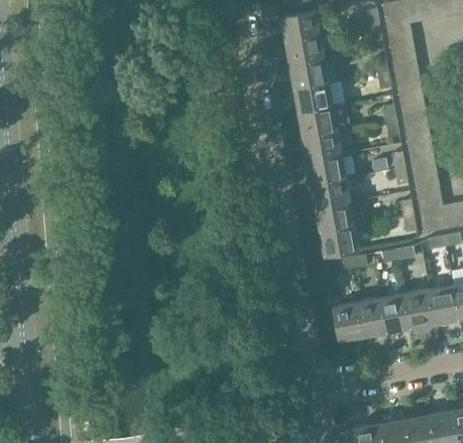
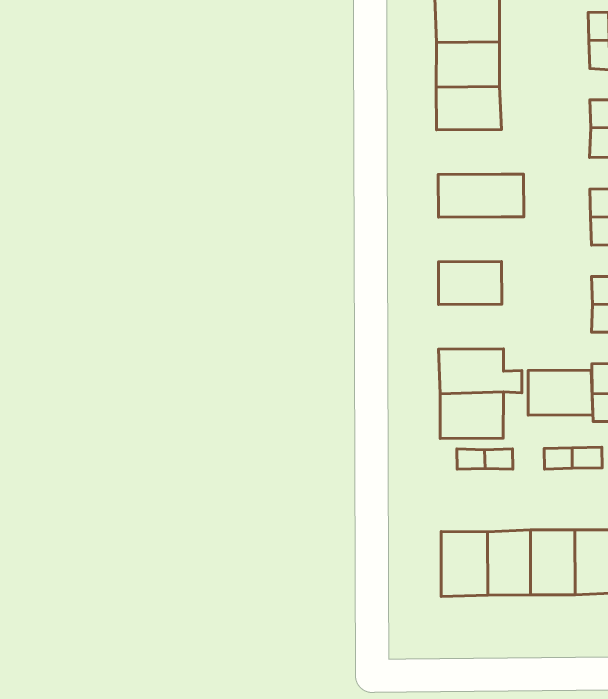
building: [294,83,333,113] -> none
building: [303,130,341,160] -> none
building: [311,177,350,207] -> [528,370,593,415]

